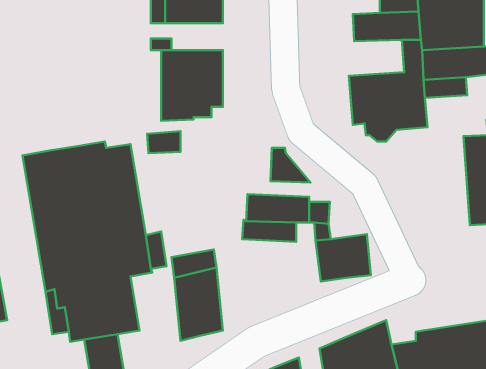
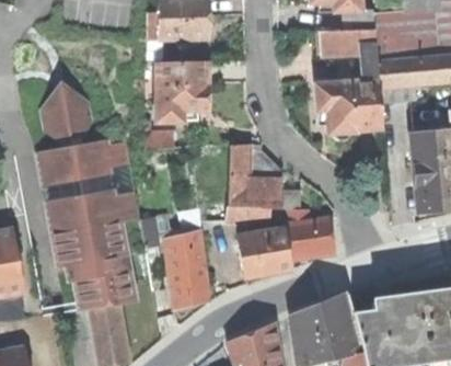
building: none -> [41,89,92,147]
building: none -> [229,144,282,186]
building: none -> [239,230,290,275]

